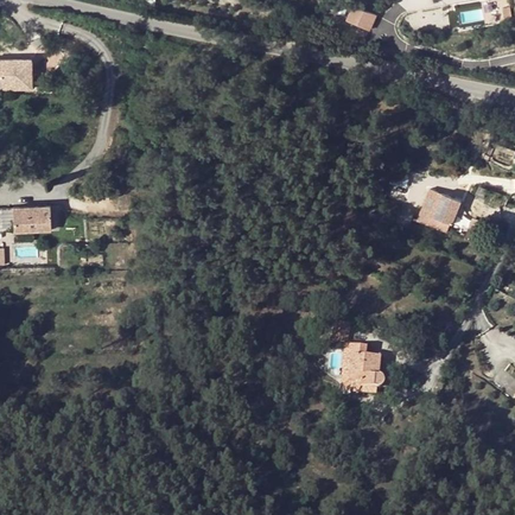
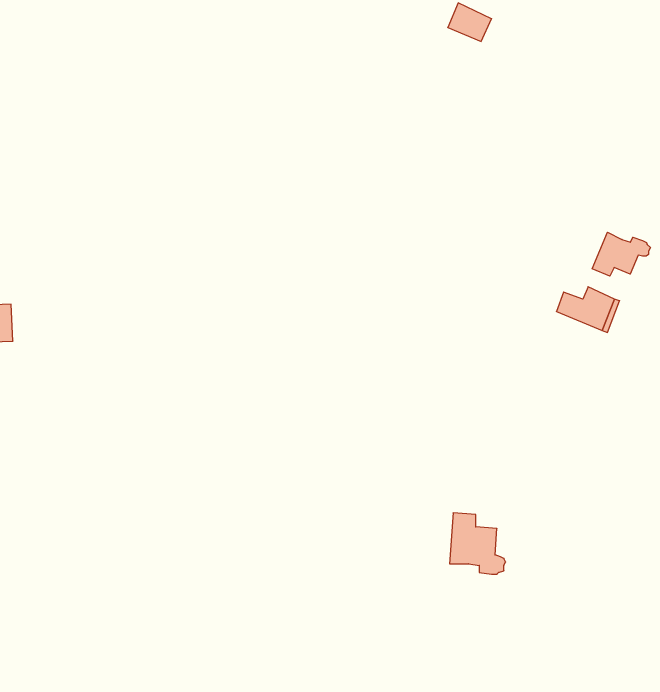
building: none -> [592,232,650,276]

